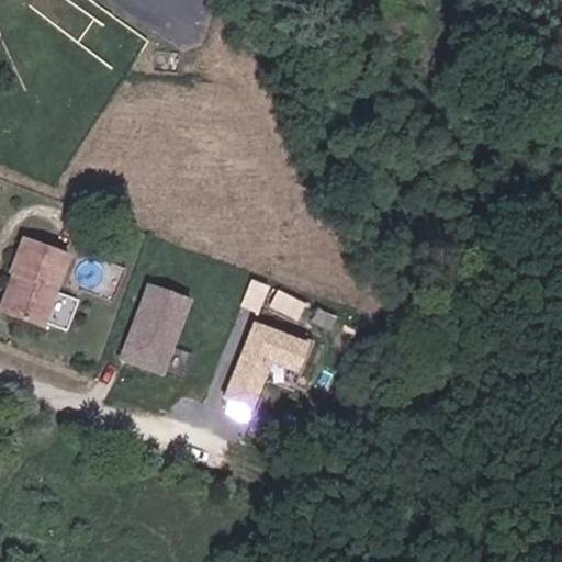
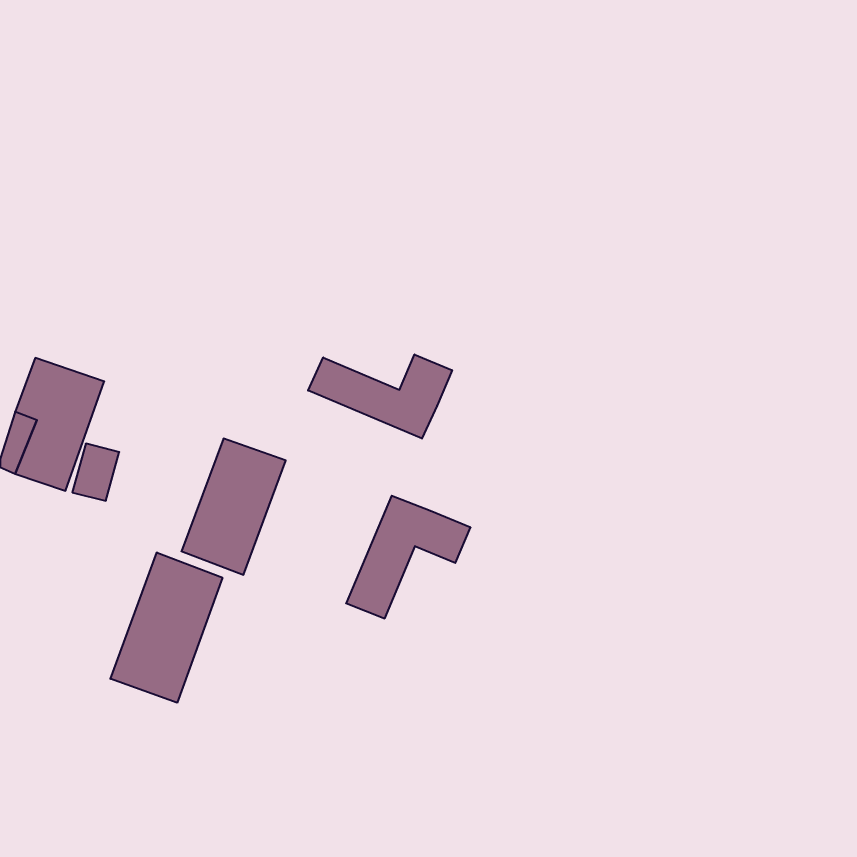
building: none -> [308,354,452,439]
building: none -> [110,552,222,703]

